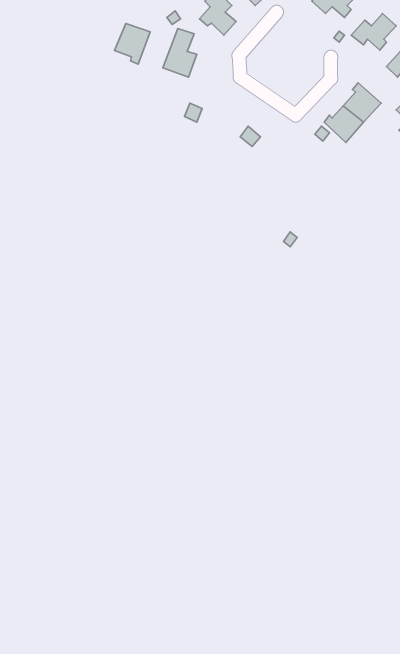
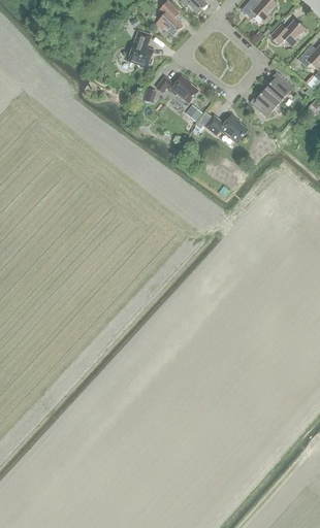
building: [114,23,150,64] -> none
building: none -> [156,74,198,102]
building: none -> [204,114,248,141]

